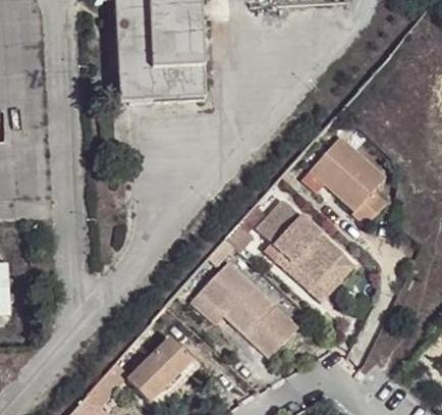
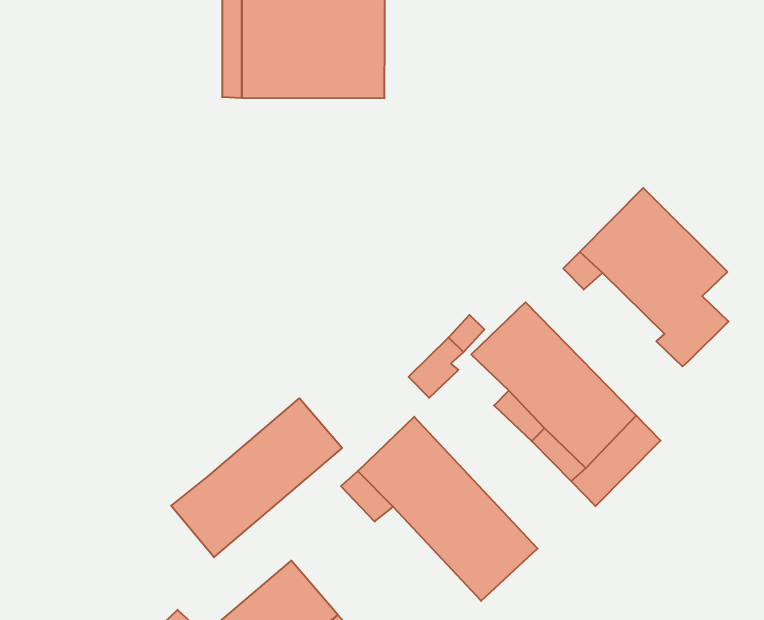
building: none -> [171,398,342,557]

